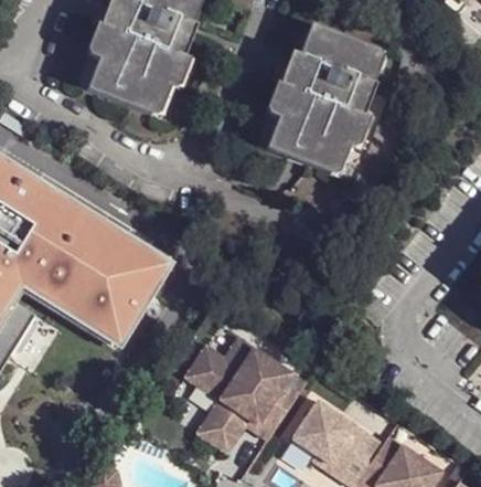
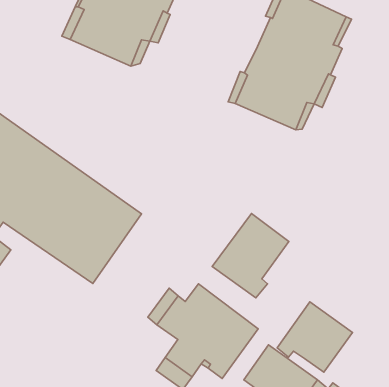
building: none -> [212,214,289,298]
building: none -> [277,302,353,372]

